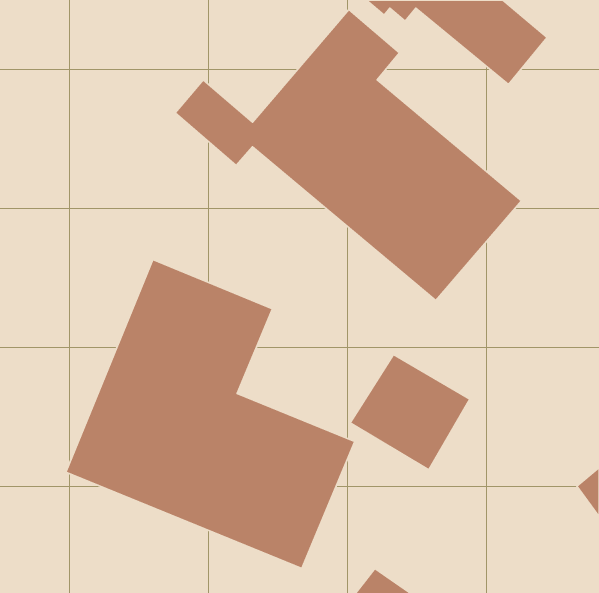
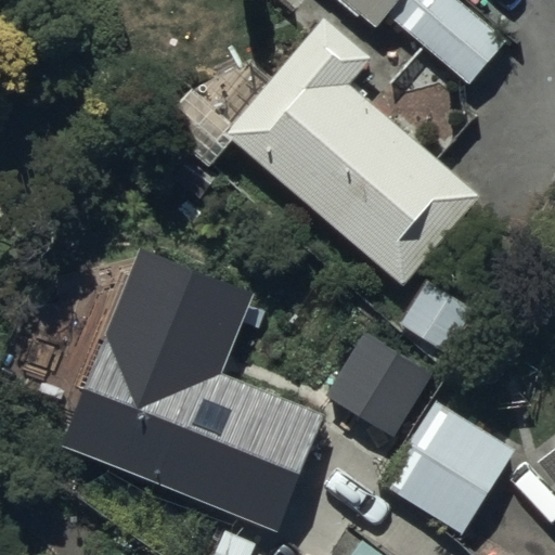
building: none -> [383,400,513,535]

